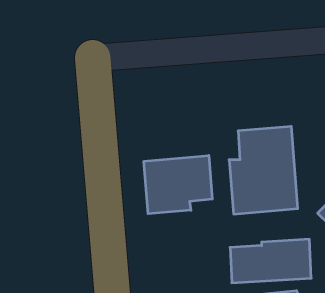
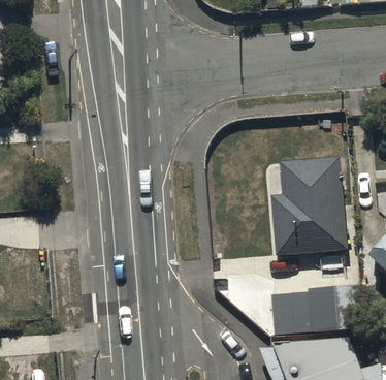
building: [144,155,212,214] -> none

